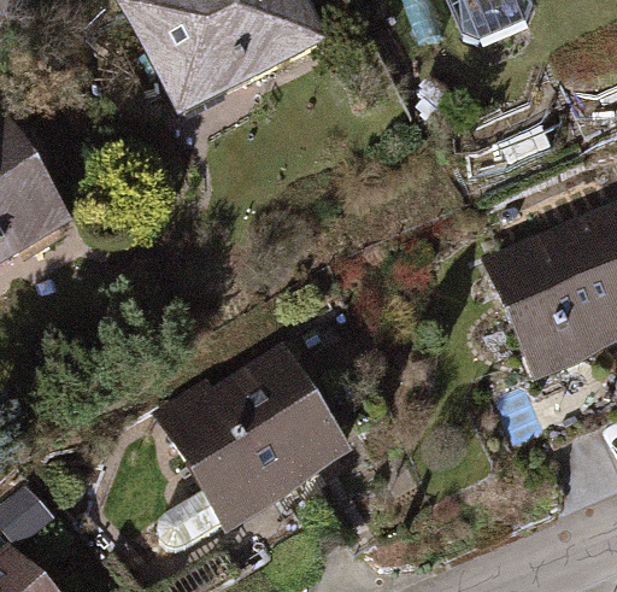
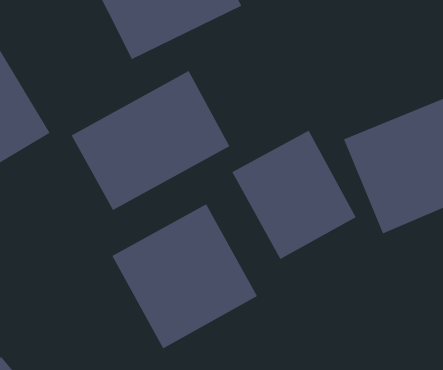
building: none -> [71,70,230,211]
building: none -> [232,130,357,260]

